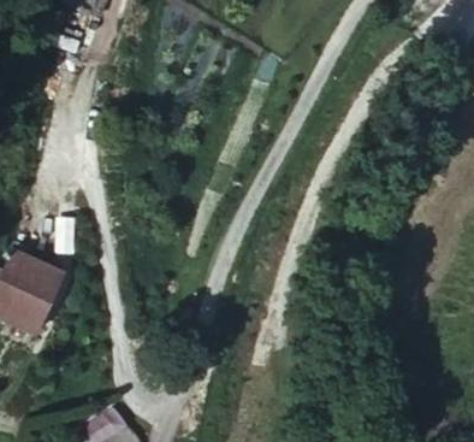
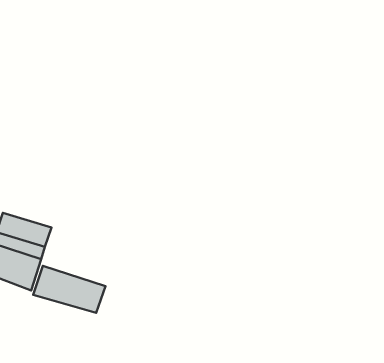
building: none -> [33,266,105,313]

